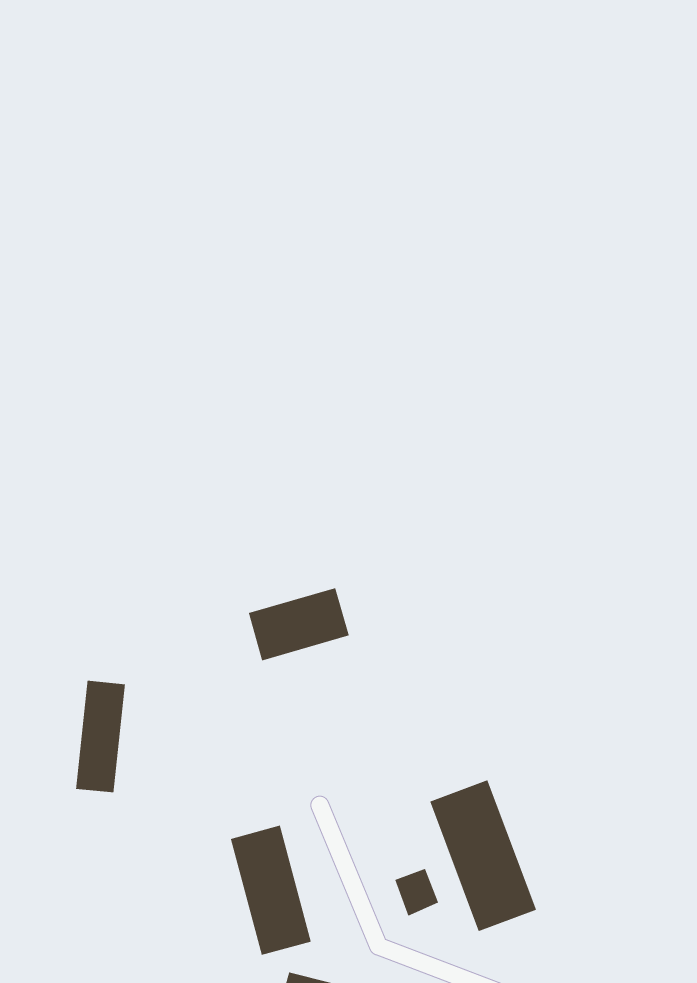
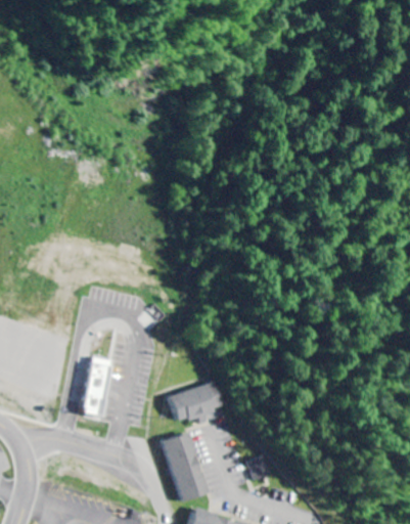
building: [248,587,350,661] -> [169,383,222,422]
building: [429,779,537,932] -> none

